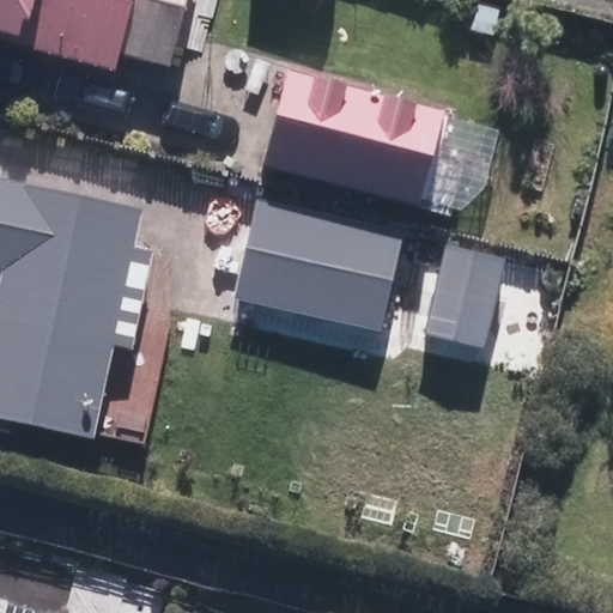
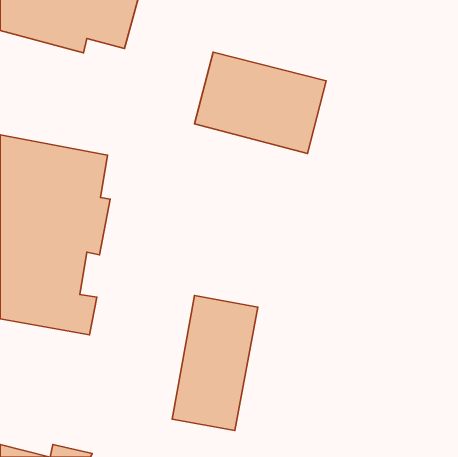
building: [198,205,504,350] -> none
building: none -> [172,296,258,430]

